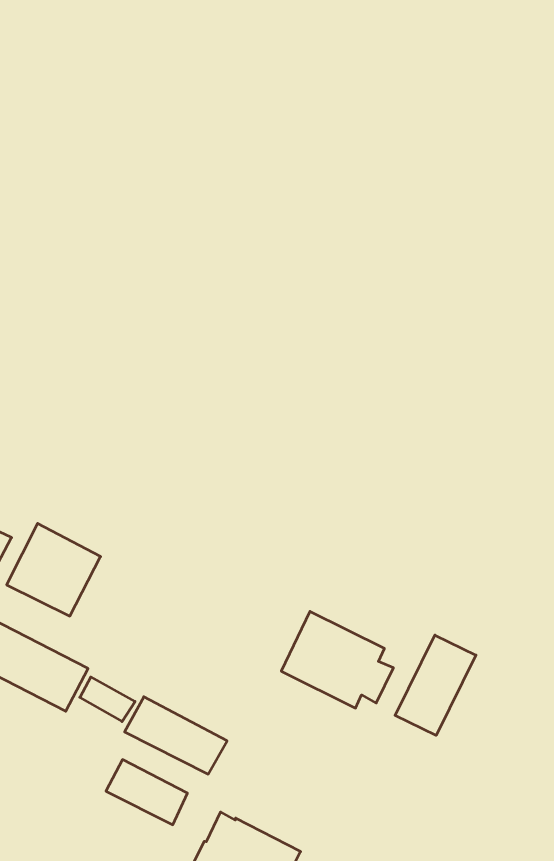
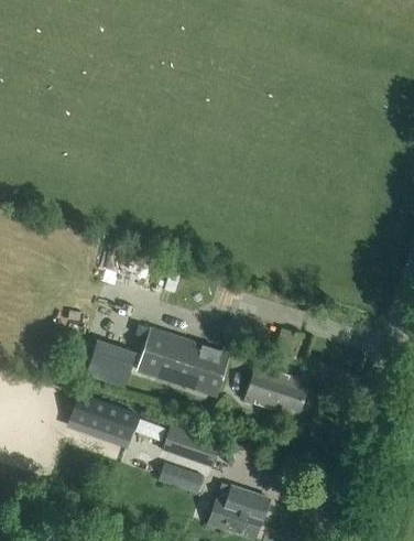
building: none -> [137,327,231,398]
building: [395,635,476,735] -> none

